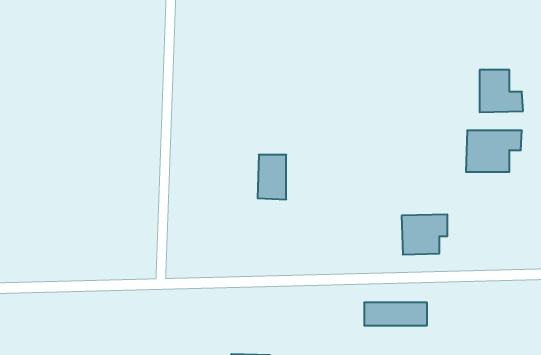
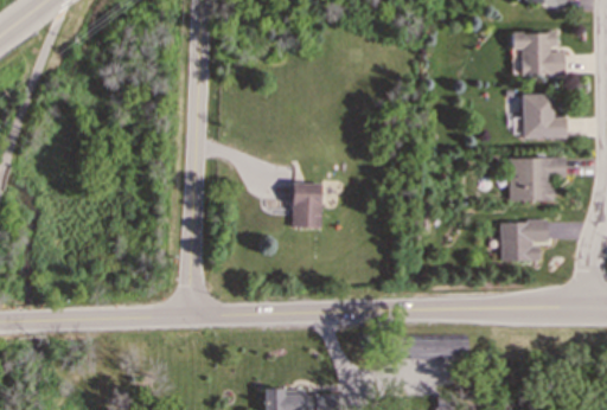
building: none -> [511,33,563,76]
building: [402,214,447,255] -> [499,222,547,263]

